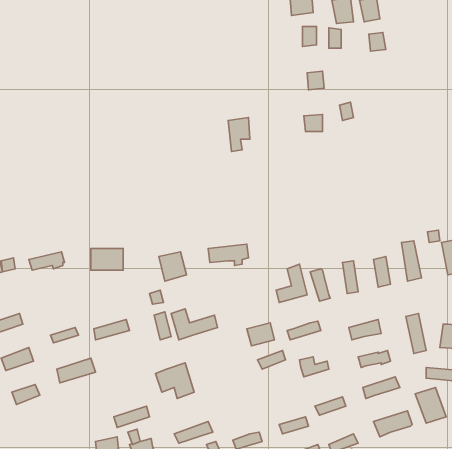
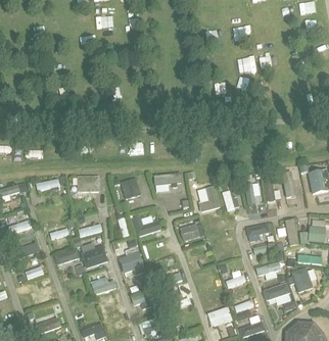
building: none -> [81,243,107,267]

